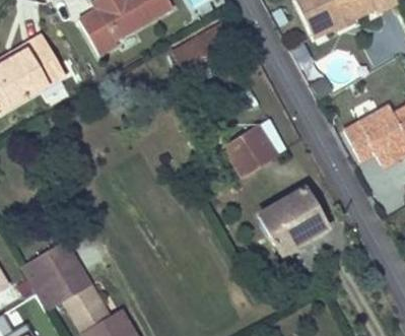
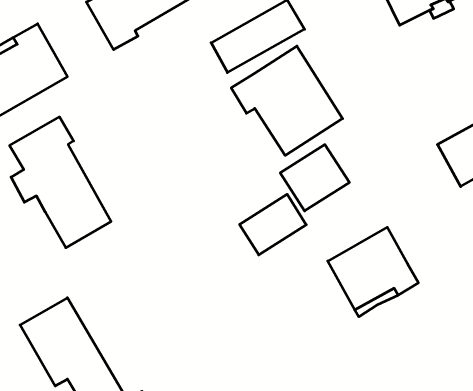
building: none -> [231,46,343,155]
building: none -> [10,117,111,248]
building: none -> [240,194,306,255]

